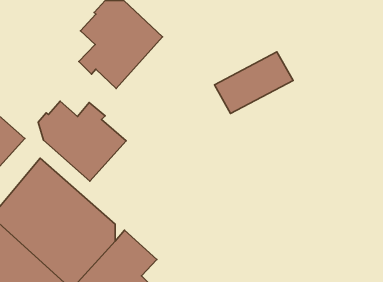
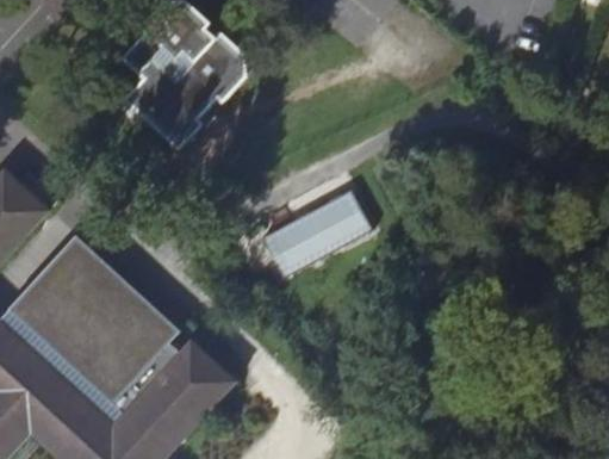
building: [214,52,293,114] -> [260,188,371,275]
building: [38,101,126,181] -> none

